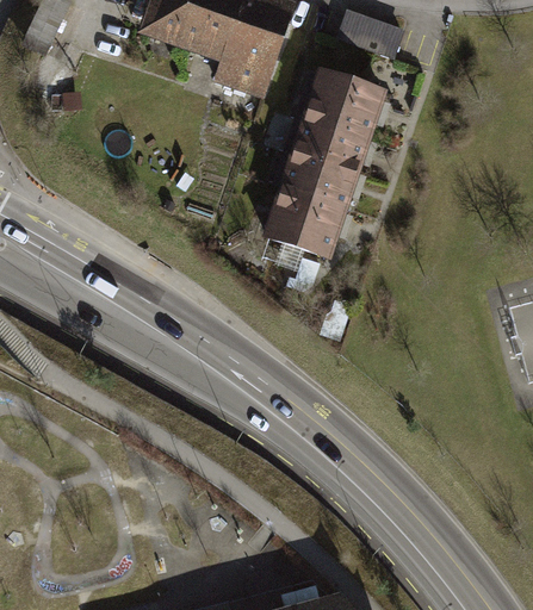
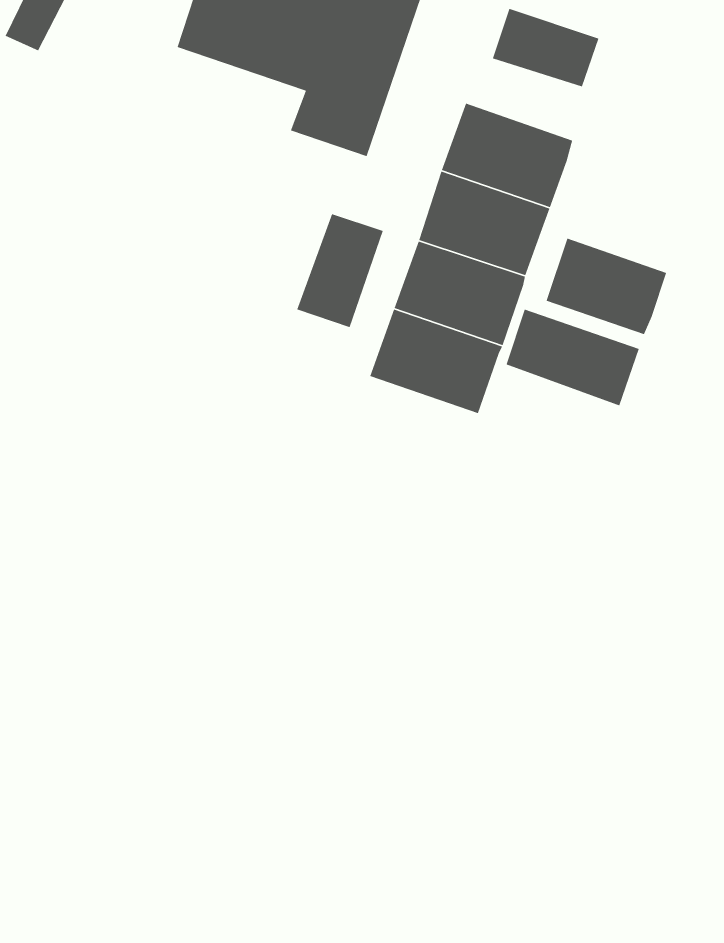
building: none -> [296,213,384,328]
building: none -> [546,237,667,335]
building: none -> [505,309,640,406]

